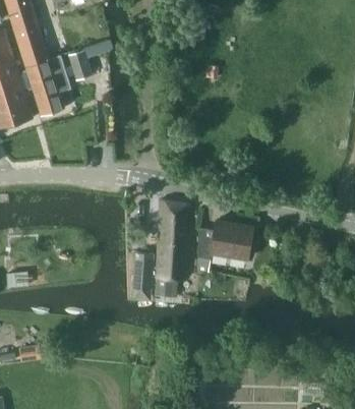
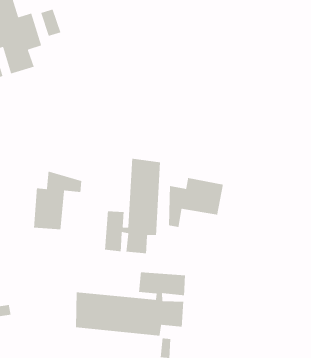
building: none -> [33,171,82,230]
building: none -> [75,271,186,337]

